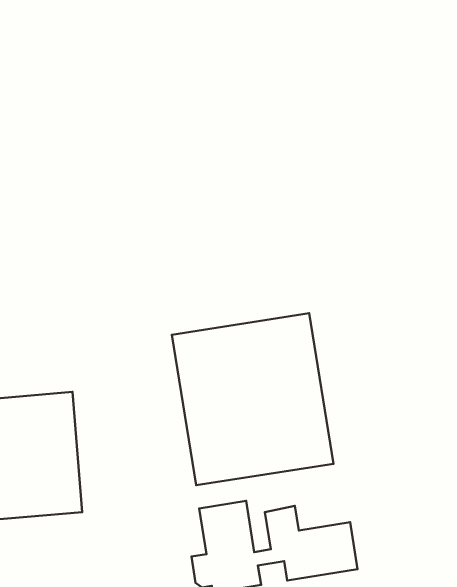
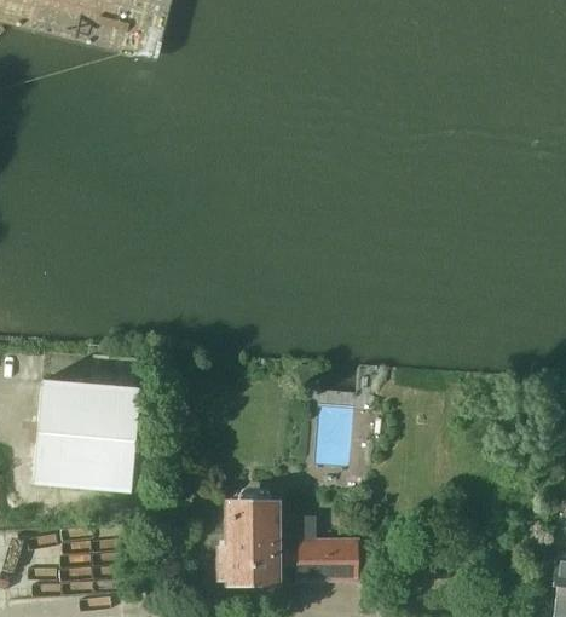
building: [172,313,334,485] -> none

